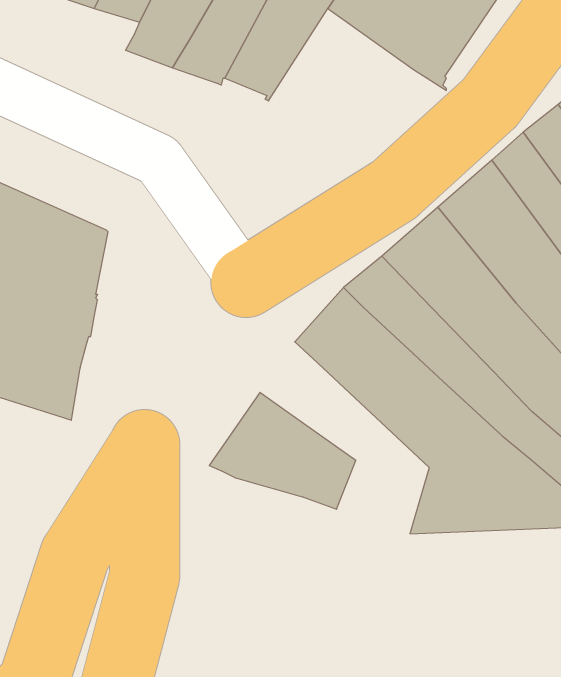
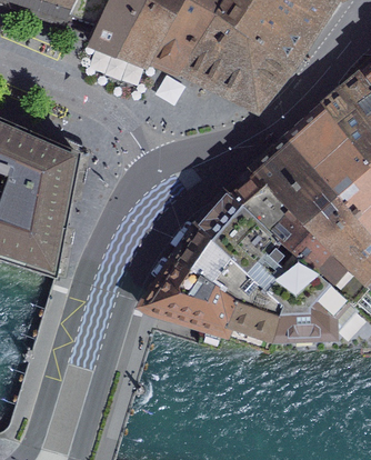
building: none -> [180,11,293,106]
building: none -> [174,223,282,346]

